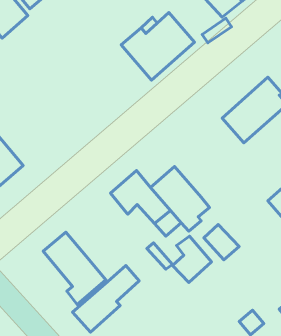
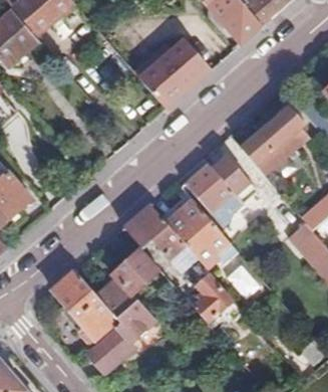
building: none -> [181,159,258,232]
building: none -> [97,249,159,322]

